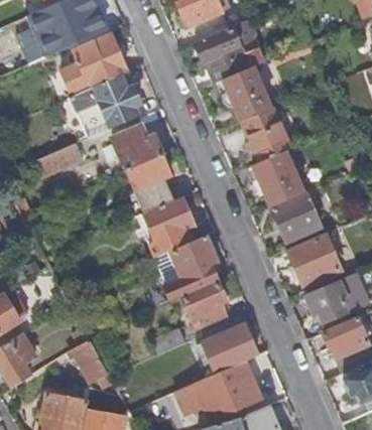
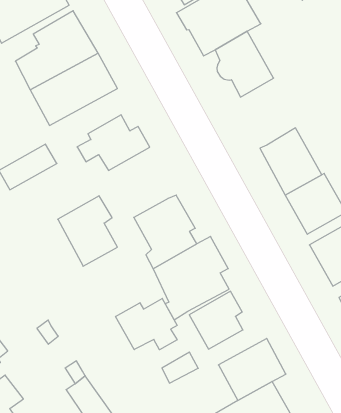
building: [242,107,291,163] -> none
building: [126,155,173,212] -> [58,196,117,266]
building: none -> [116,298,177,350]

